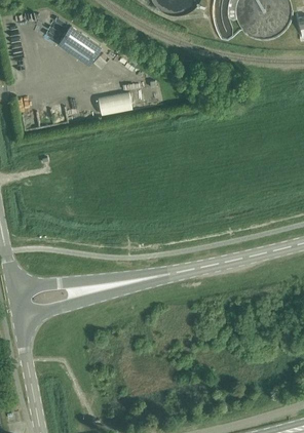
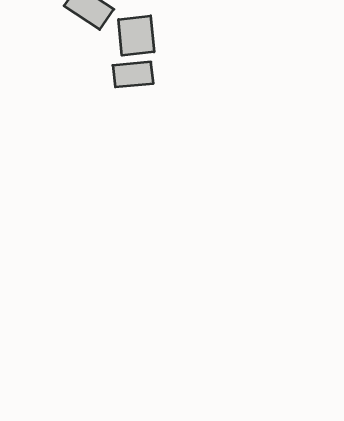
building: none -> [119,16,154,55]

